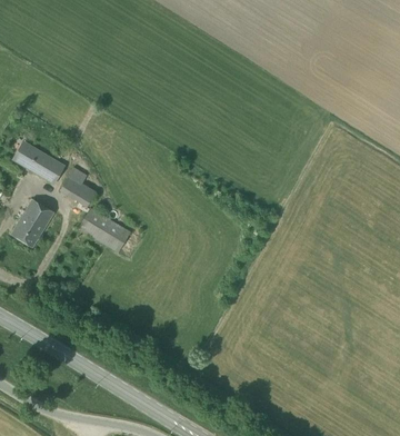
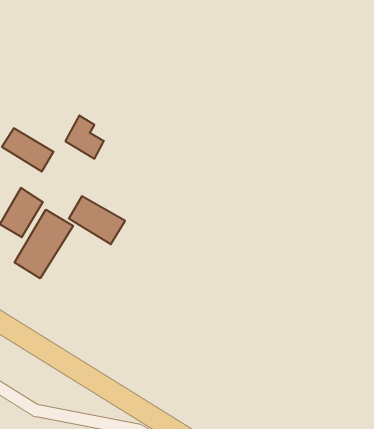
building: [60,166,97,207] -> [65,115,104,159]
building: none -> [15,210,73,278]

